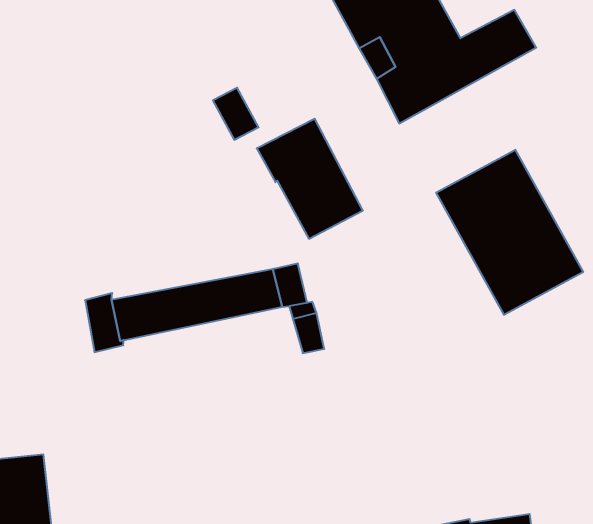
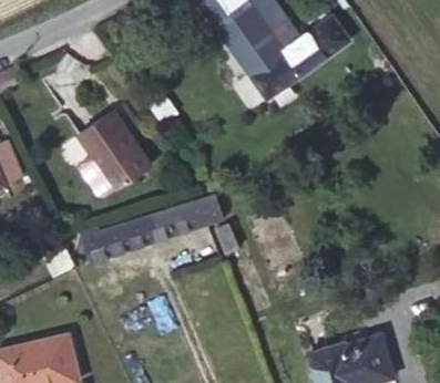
building: [257,119,363,239] -> [79,110,151,186]
building: [436,150,583,315] -> none

